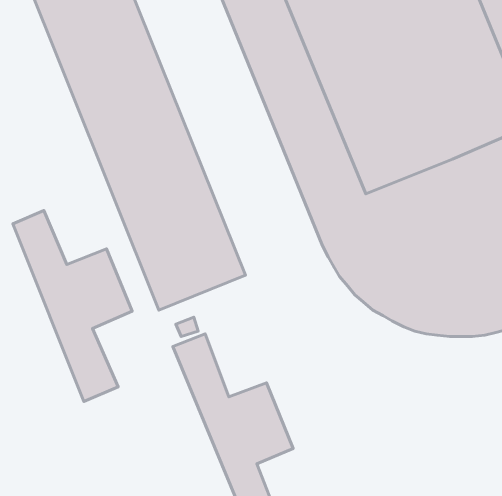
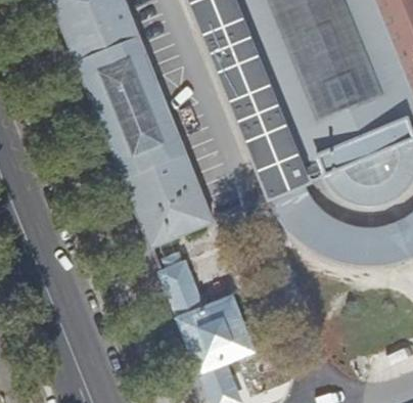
building: [13,211,132,401] -> none

